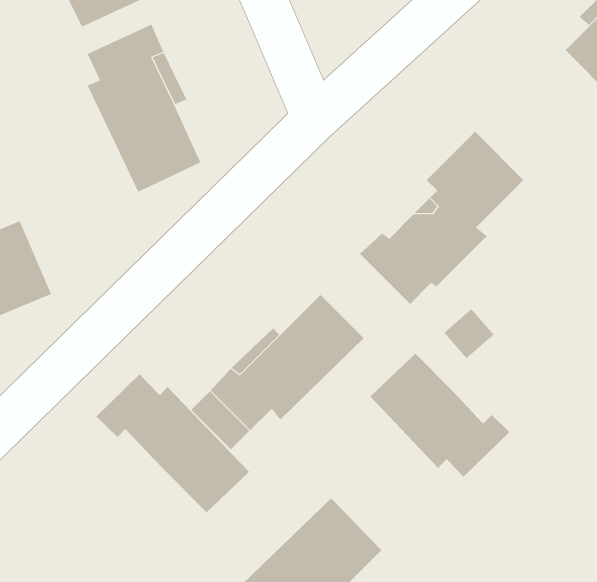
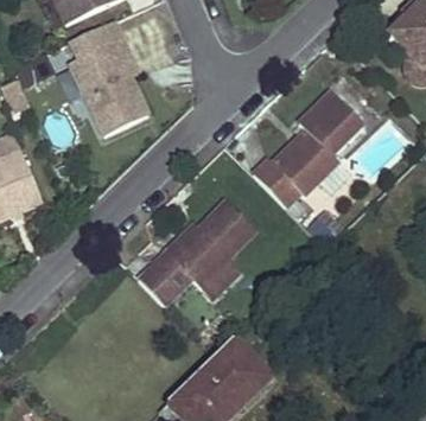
building: [369,353,510,478] -> none
building: [96,373,250,513] -> none

